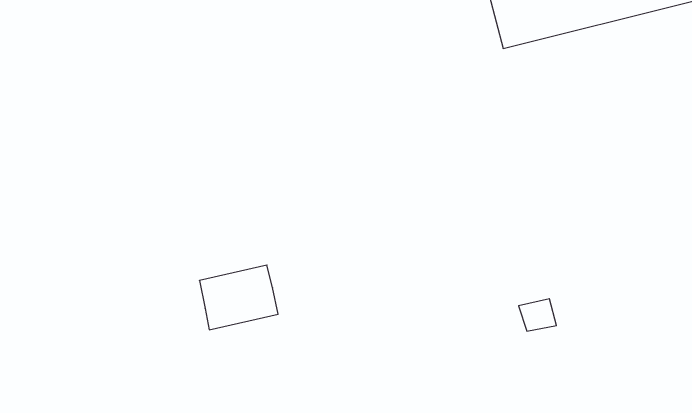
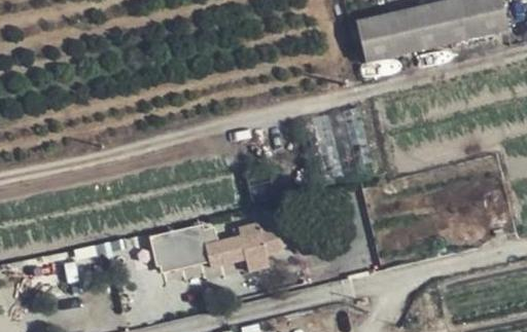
building: none -> [201,222,281,271]

